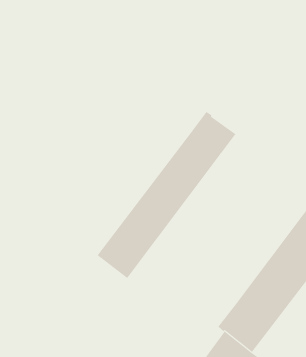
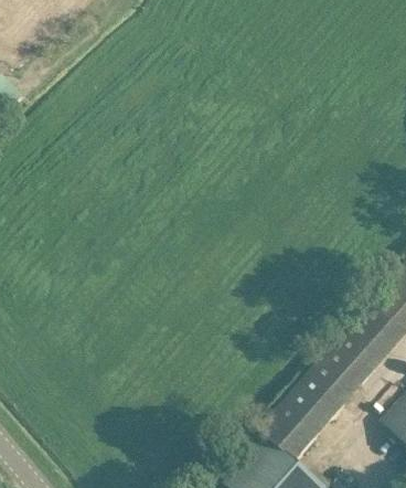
building: [97,111,236,279] -> none

